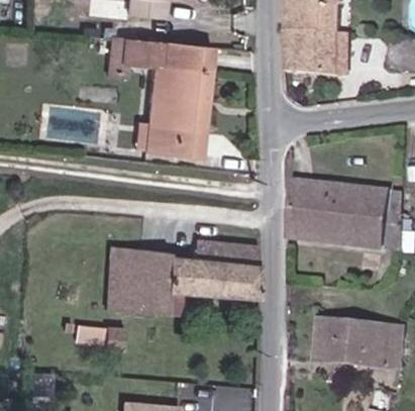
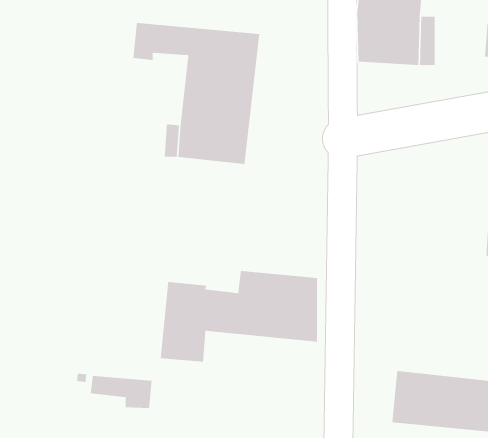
building: [292,180,389,248] -> none
building: [104,245,136,310] -> none

